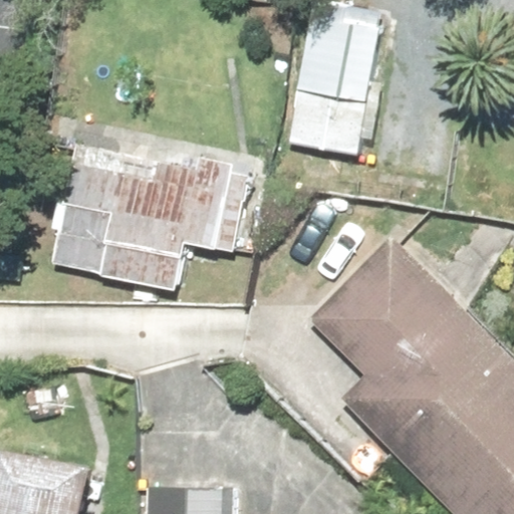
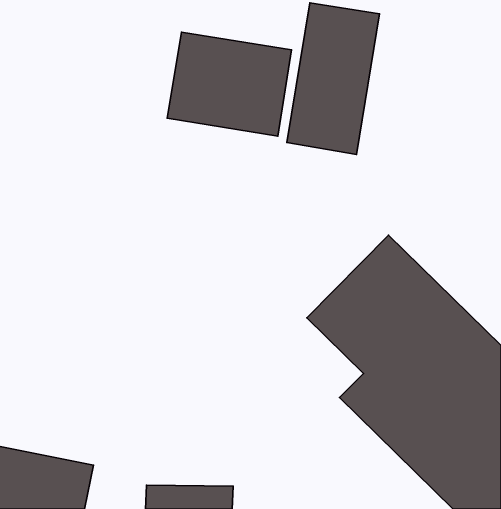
building: none -> [167,32,291,136]
building: [51,147,252,291] -> none

